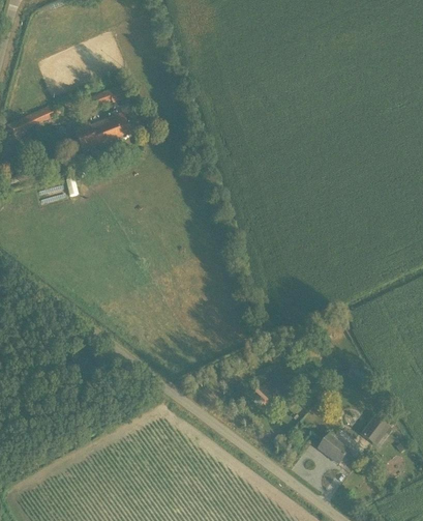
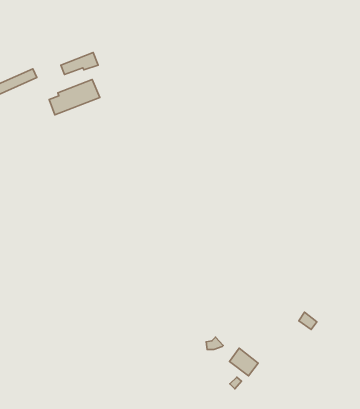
building: [362,414,391,444] -> none
building: [320,433,351,463] -> [230,348,258,376]

